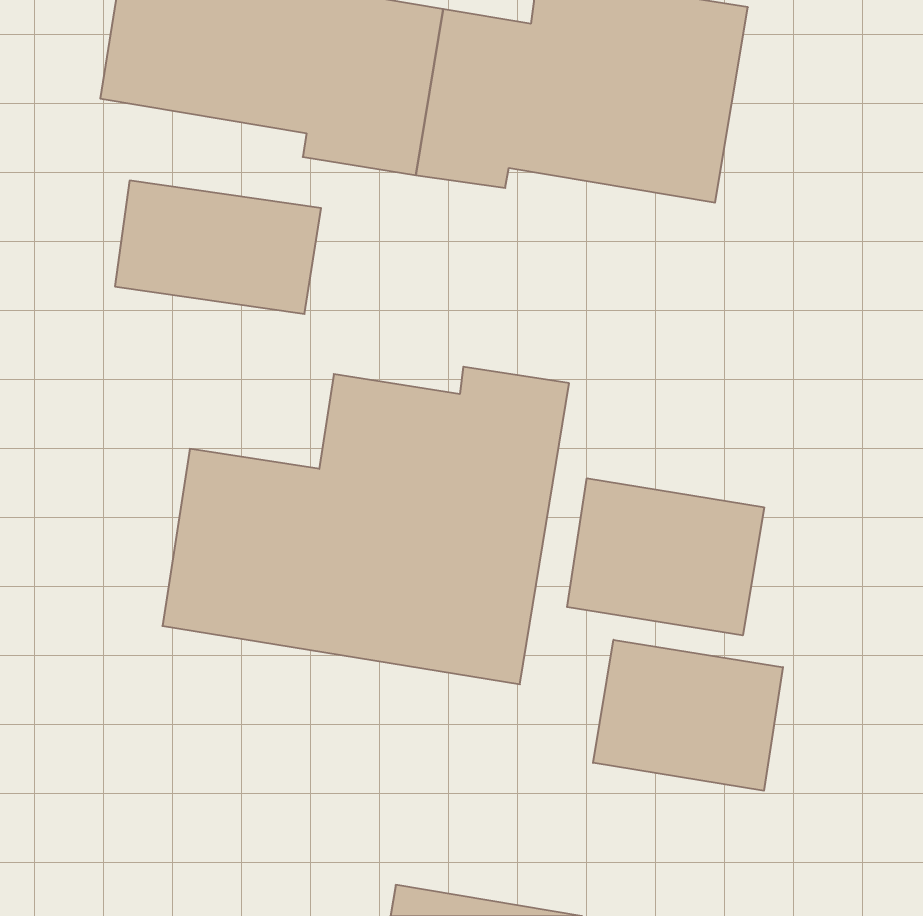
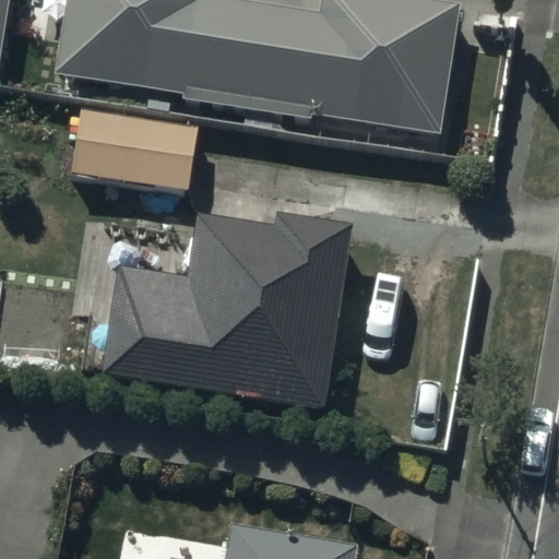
building: [567,478,764,635] -> none
building: [593,640,783,791] -> none

